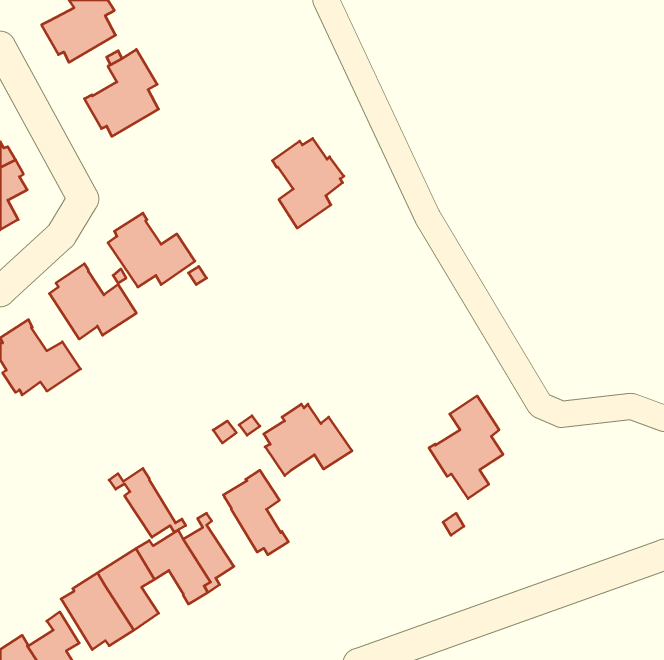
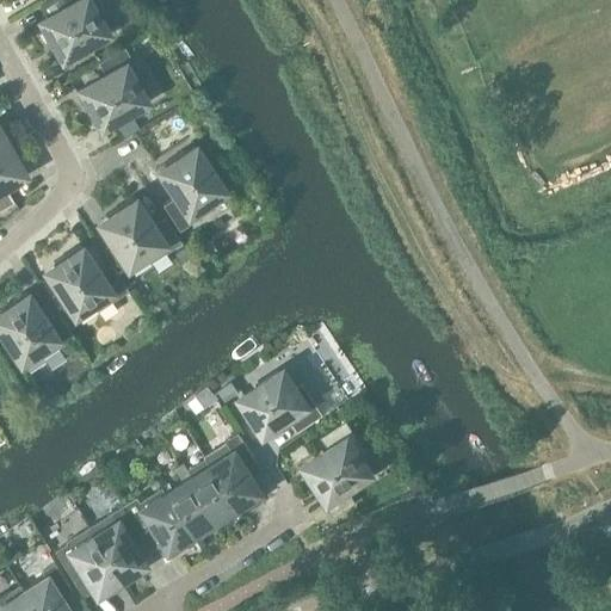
building: [272,138,344,228] -> [156,144,222,227]
building: [429,396,503,499] -> [302,424,370,518]
building: [109,468,186,537] -> [175,461,246,524]

